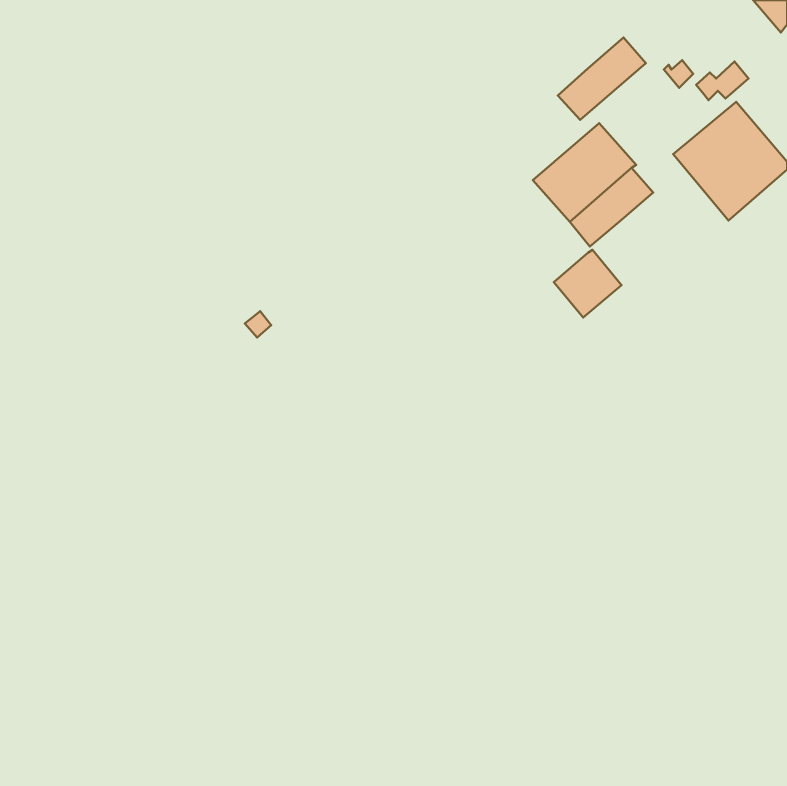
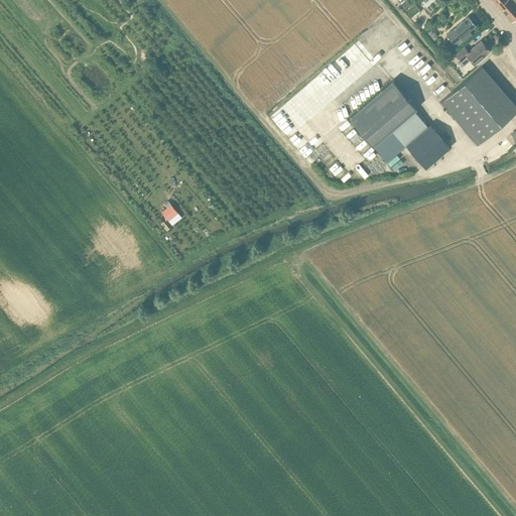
building: none -> [446,18,475,48]
building: [558,37,646,120] -> none
building: [554,250,622,318] -> [405,125,449,169]

